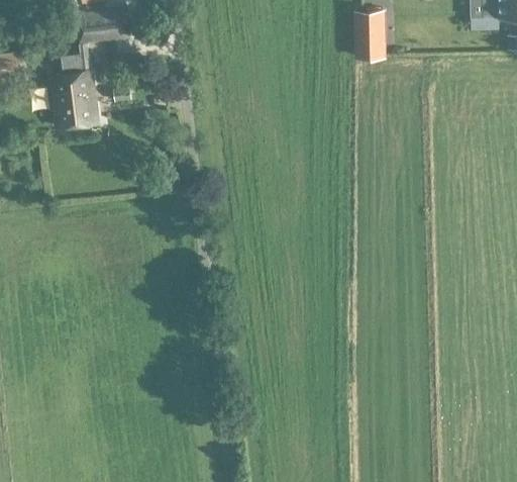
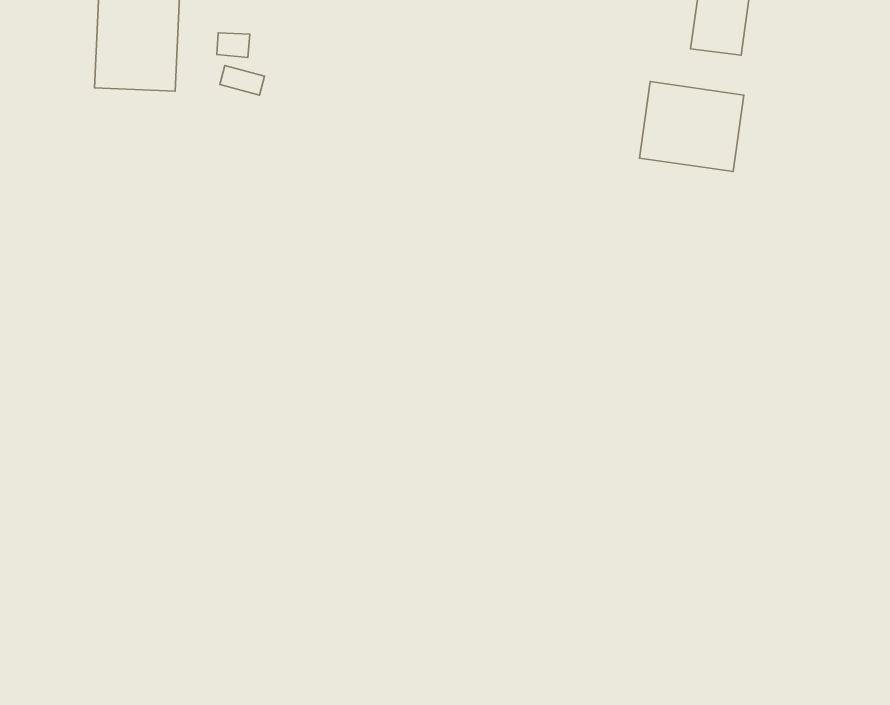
building: none -> [639,82,744,172]

